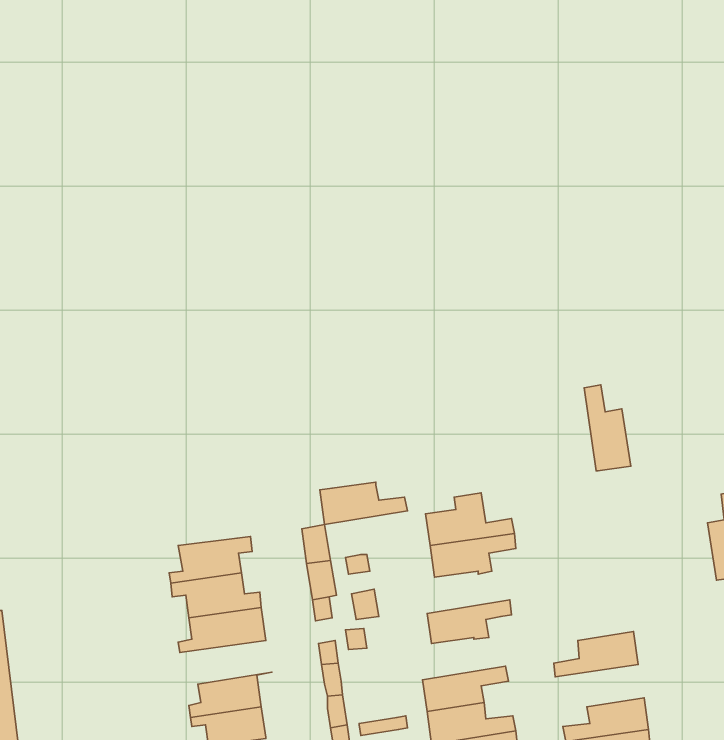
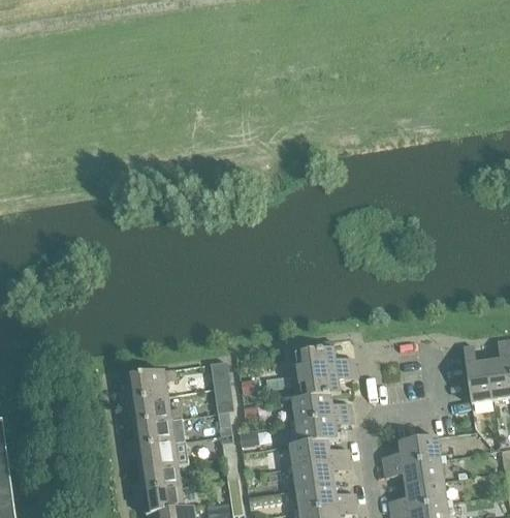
building: [584,385,631,471] -> [461,344,493,403]
building: [320,482,407,524] -> [292,394,352,423]
building: none -> [289,439,349,468]
building: none -> [126,441,189,471]
building: none -> [383,458,444,487]

